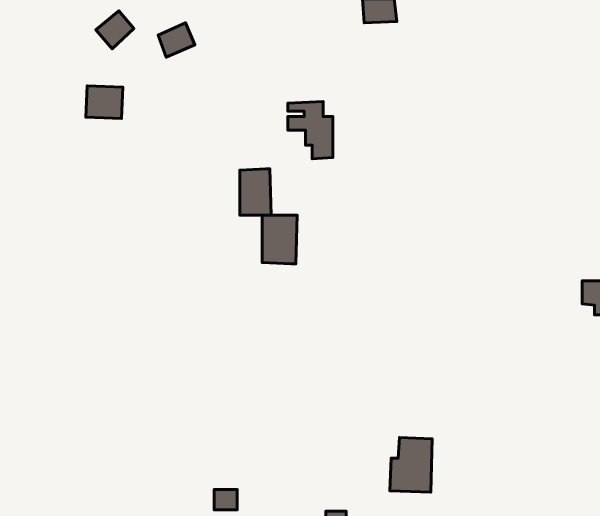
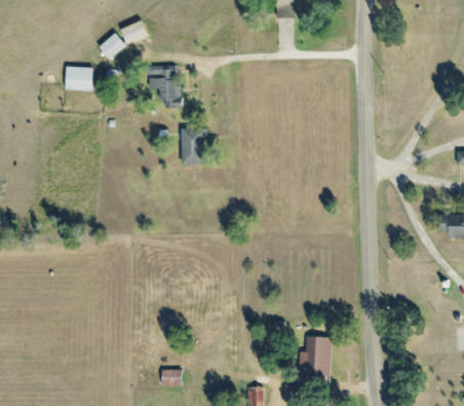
building: [96,11,134,49] -> [99,31,127,60]
building: [288,102,333,159] -> [148,66,182,109]
building: [262,215,297,264] -> none

